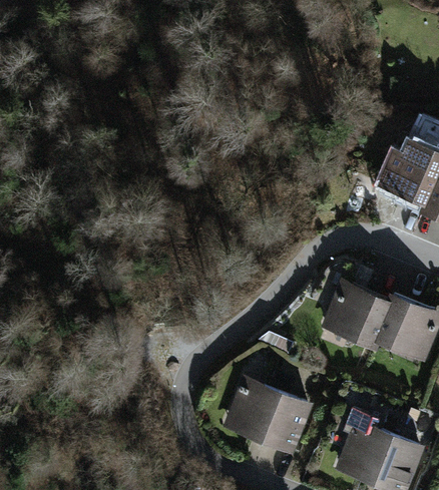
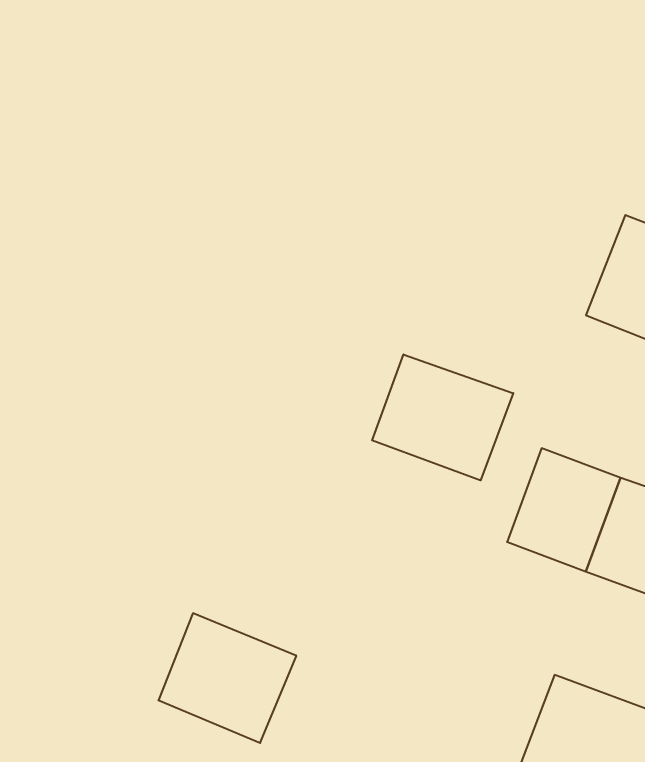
building: none -> [372,354,513,480]
building: [228,378,312,457] -> [158,613,296,743]

